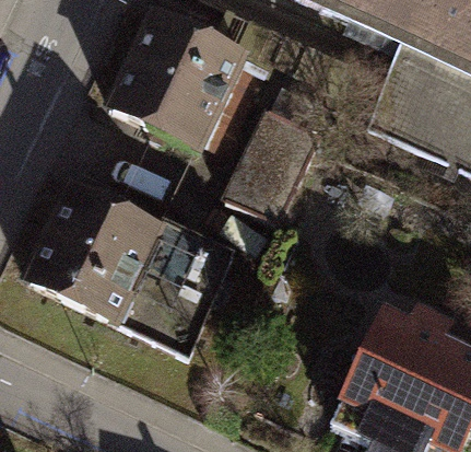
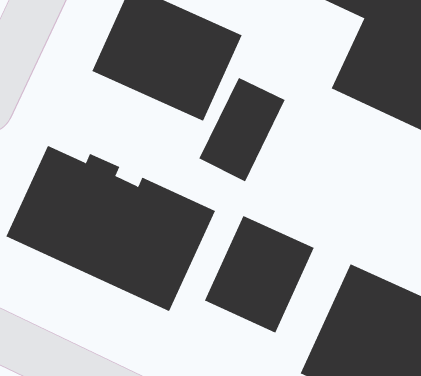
building: none -> [204,215,315,333]

